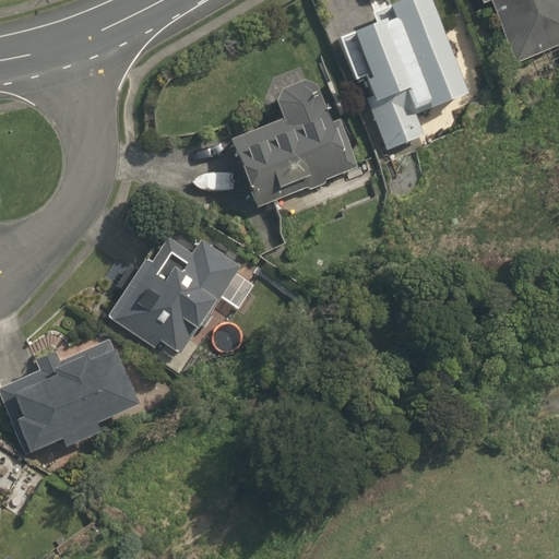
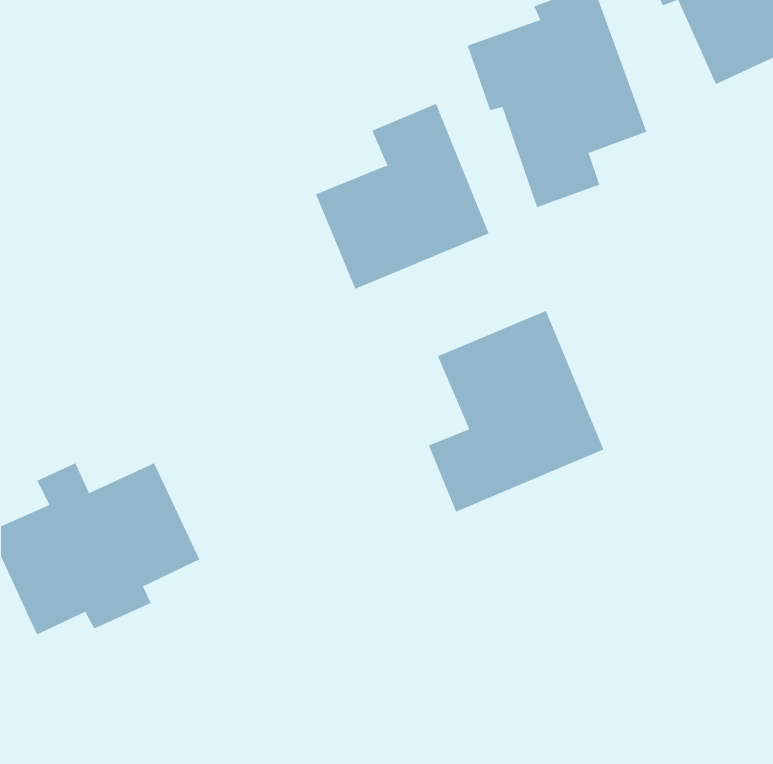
building: none -> [428,310,604,513]
building: [108,231,245,364] -> none

